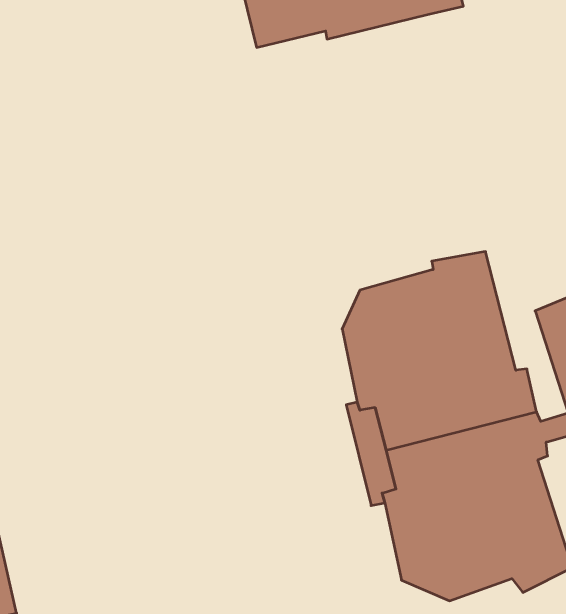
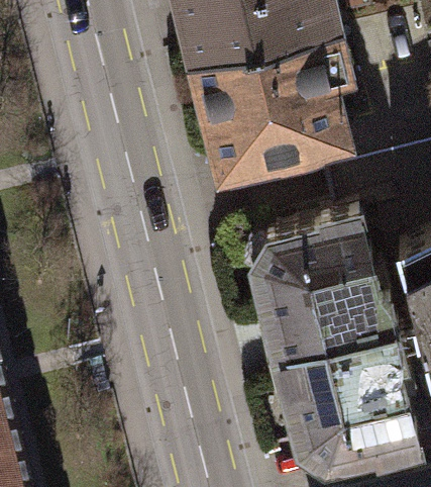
building: none -> [190,31,347,169]

